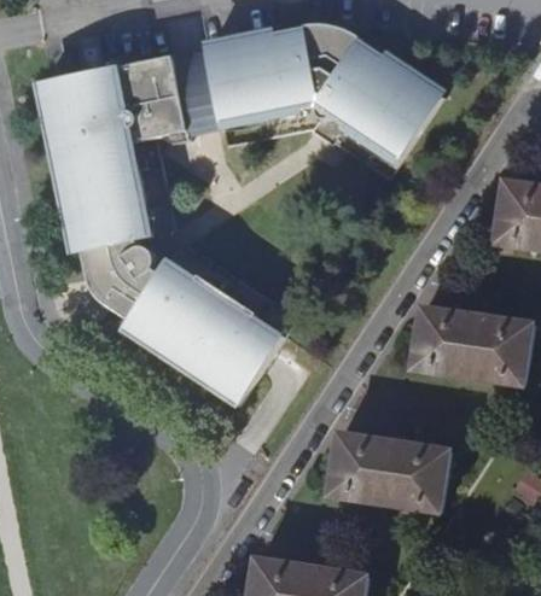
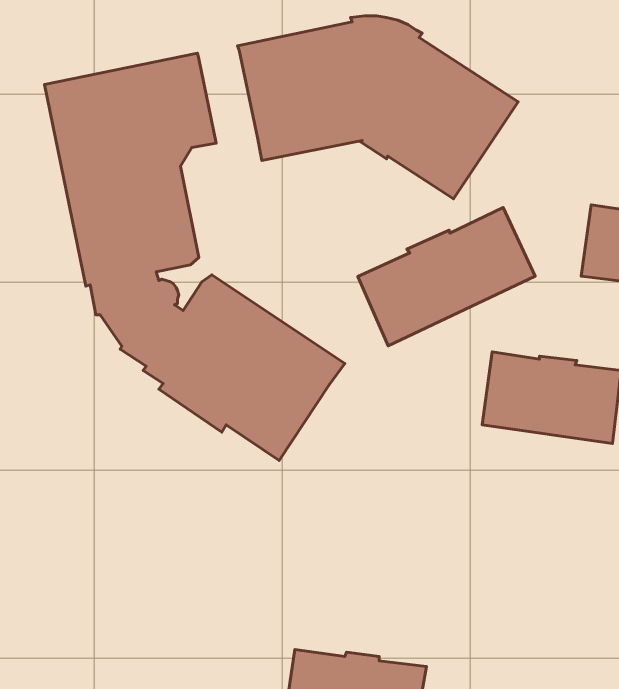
building: [169,52,219,133] -> none
building: none -> [358,207,535,346]
building: [324,433,443,509] -> none

